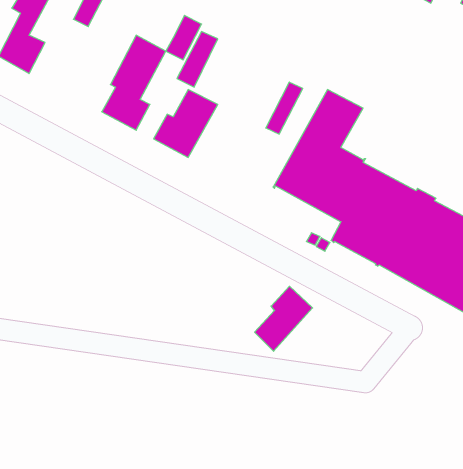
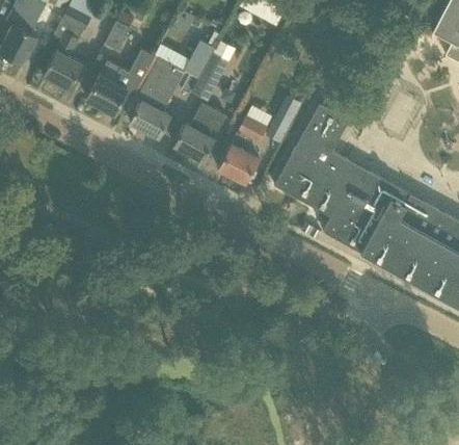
building: none -> [86,50,155,114]
building: none -> [218,107,272,184]
building: [255,286,313,351] -> none

